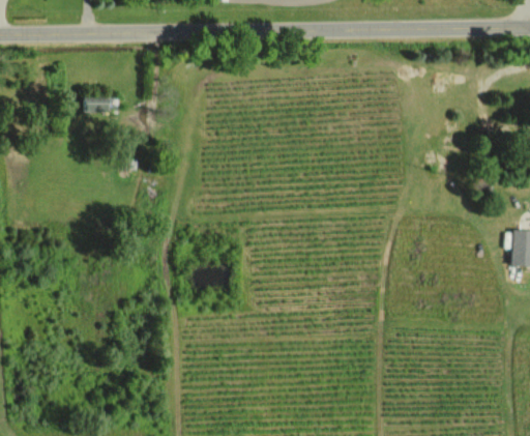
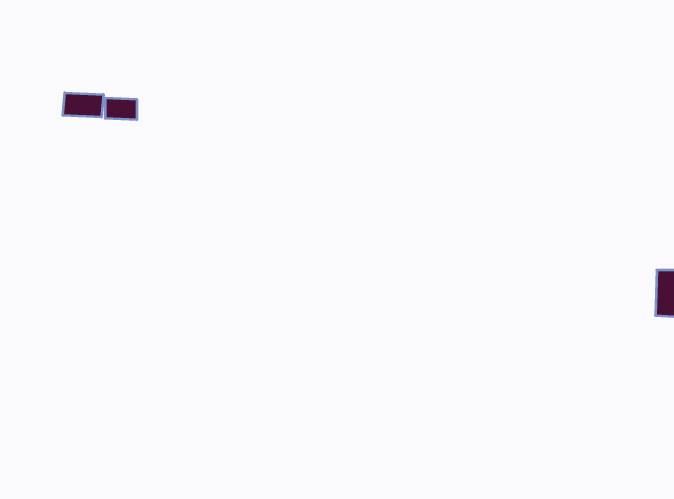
building: none -> [63,93,103,117]

